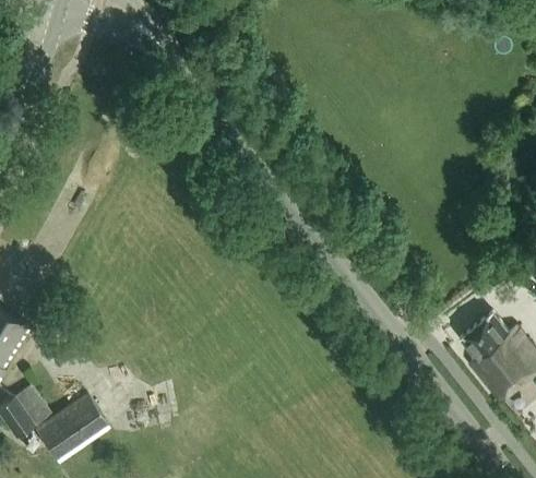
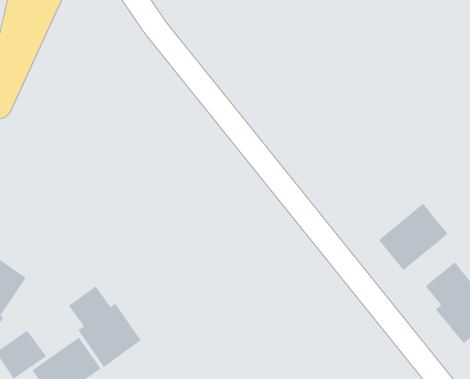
building: none -> [378,203,448,271]
building: none -> [68,286,142,368]

